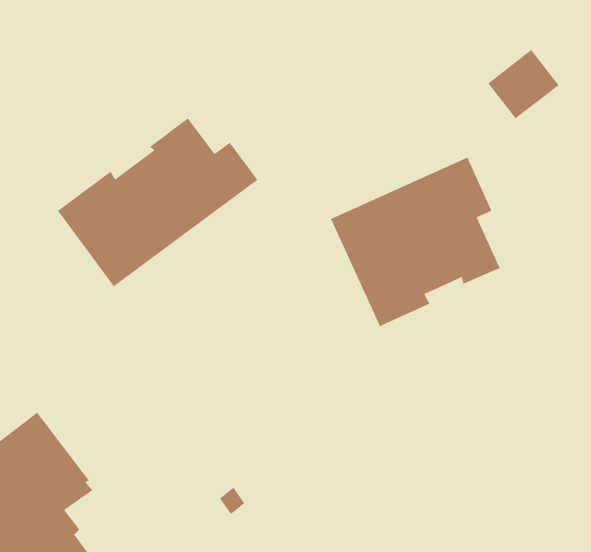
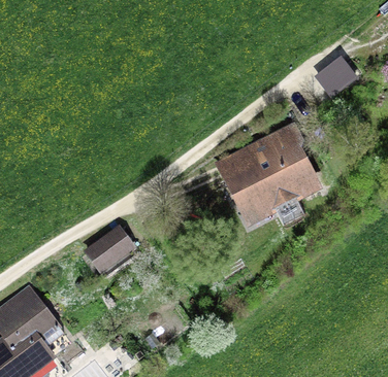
building: [57,117,258,287] -> none
building: none -> [83,222,135,272]

